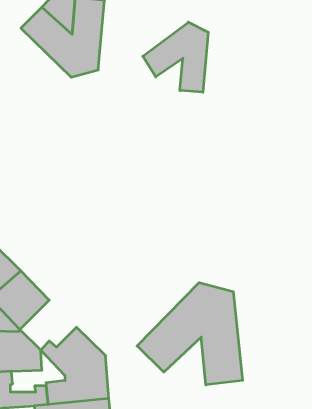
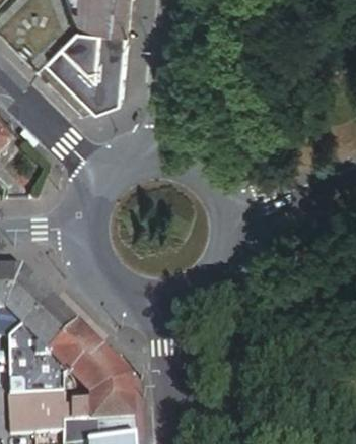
building: [143,22,208,92] -> none
building: [137,283,243,385] -> none
building: none -> [47,321,101,370]

